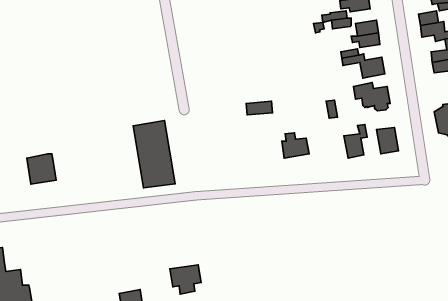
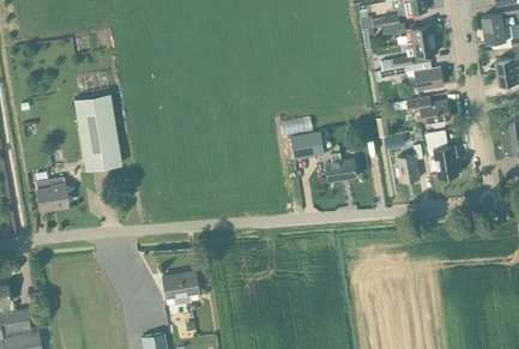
building: none -> [291,131,325,158]
building: [133,121,175,188] -> [73,92,121,169]
building: [170,265,201,294] -> [162,271,198,305]

